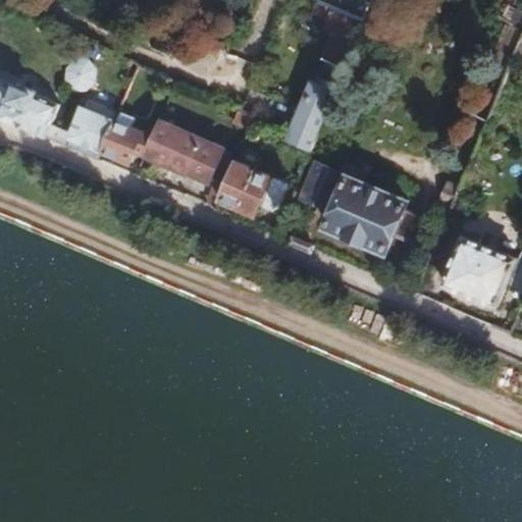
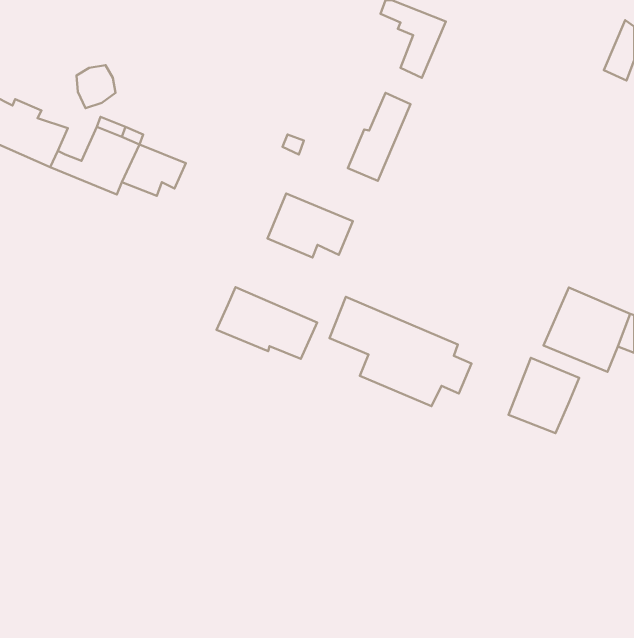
building: [142,121,223,179] -> [217,287,317,359]
building: [300,163,415,252] -> [330,297,472,406]
building: none -> [509,358,579,433]

